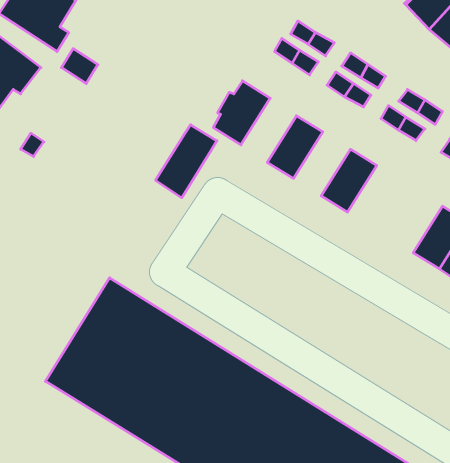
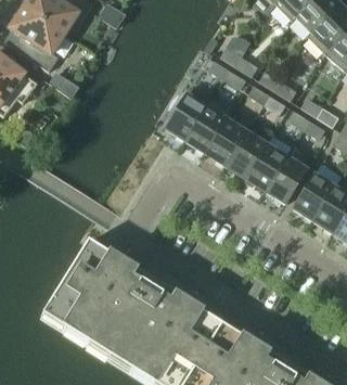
building: [156,125,217,198] -> [187,100,232,154]
building: none -> [226,131,268,179]
building: none -> [266,156,308,204]
building: none -> [294,174,336,221]

